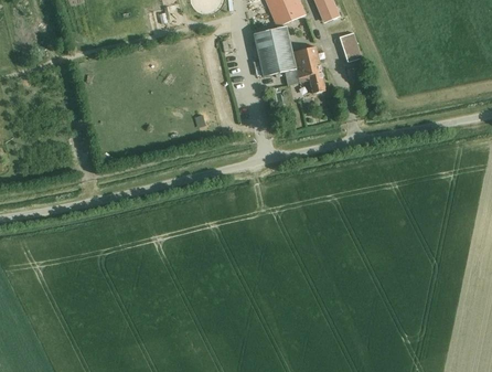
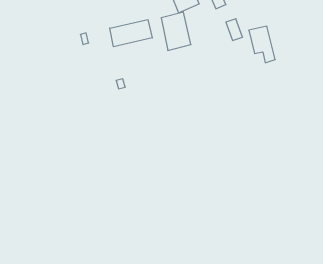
building: none -> [110,20,152,47]
building: [289,45,324,94] -> [249,26,275,63]

